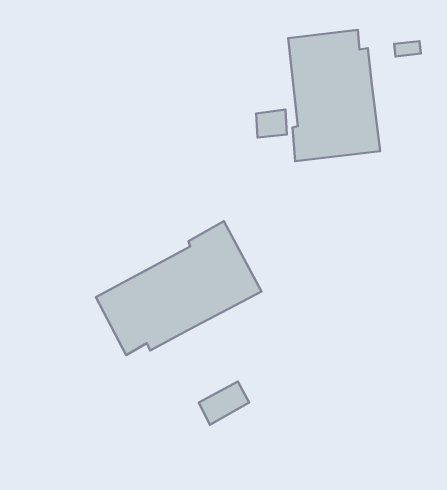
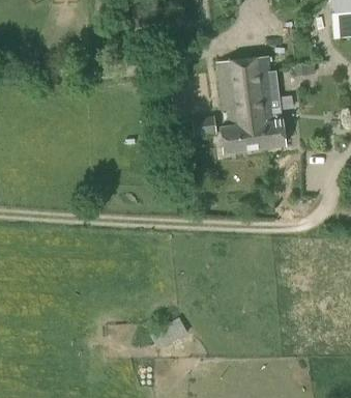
building: [96,221,262,355] -> none

